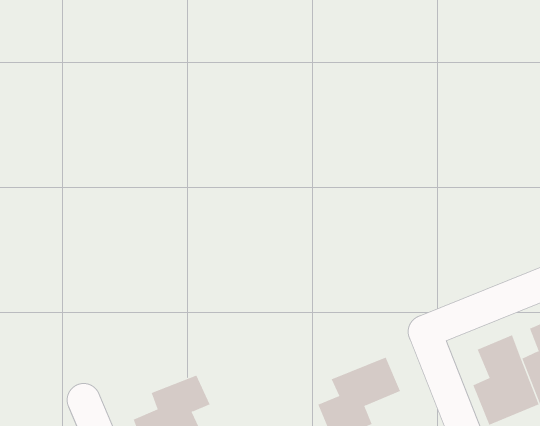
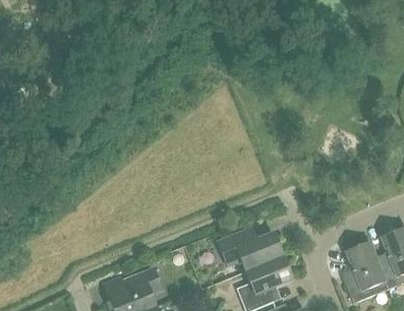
building: none -> [218,230,283,270]

